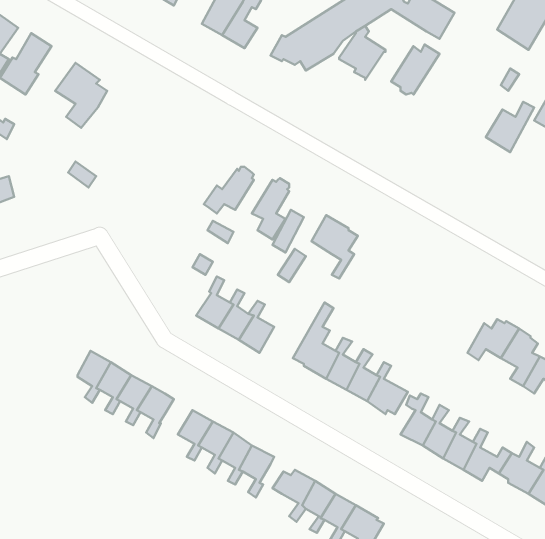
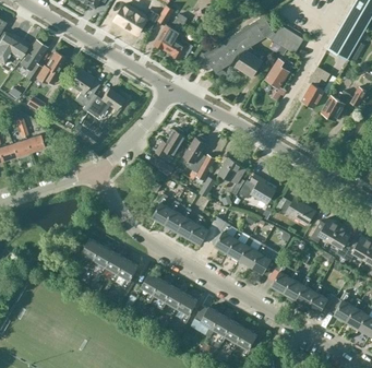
building: none -> [301,67,328,107]
building: none -> [82,87,123,120]
building: none -> [239,174,276,204]
building: none -> [279,198,315,224]
building: none -> [188,205,226,245]

